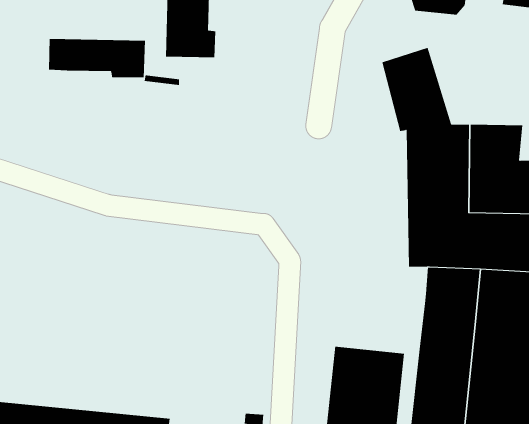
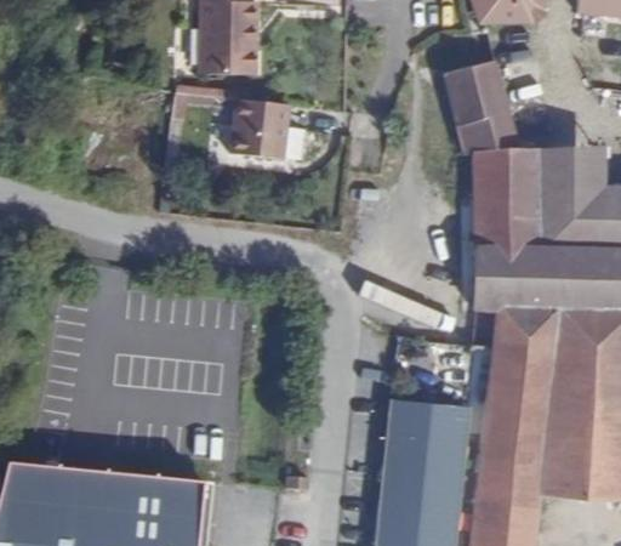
building: [48,38,145,78] -> none
building: none -> [234,99,289,159]

